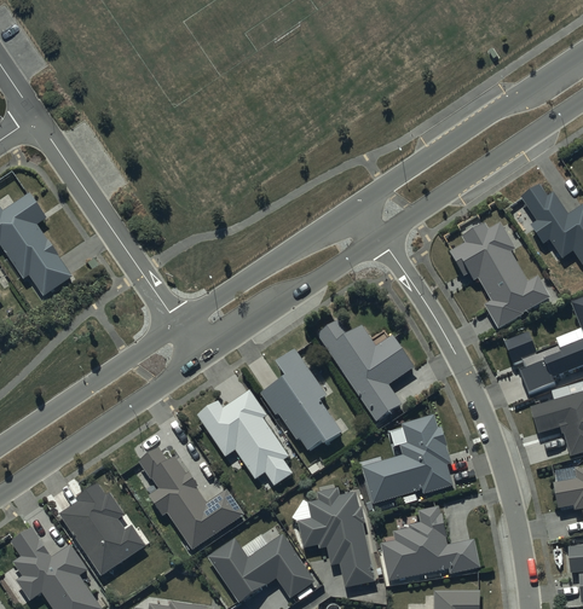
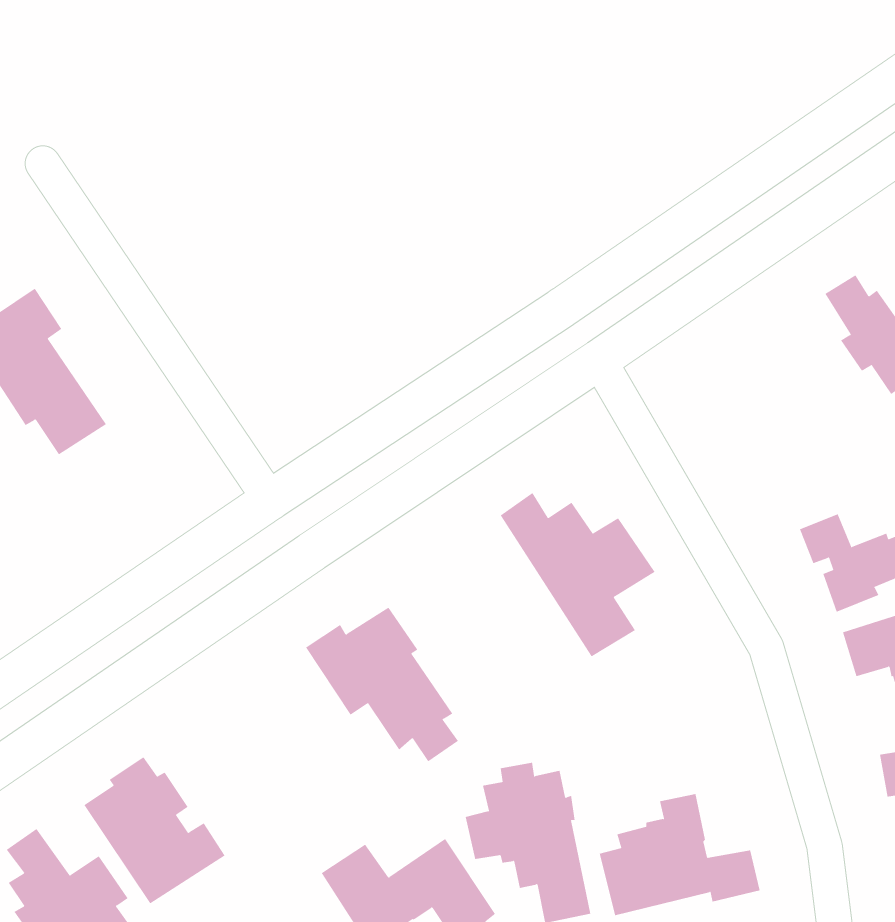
building: [450,222,550,329] -> none
building: [260,348,342,451] -> none
building: [362,413,452,504] -> none
building: [139,447,246,550] -> none

